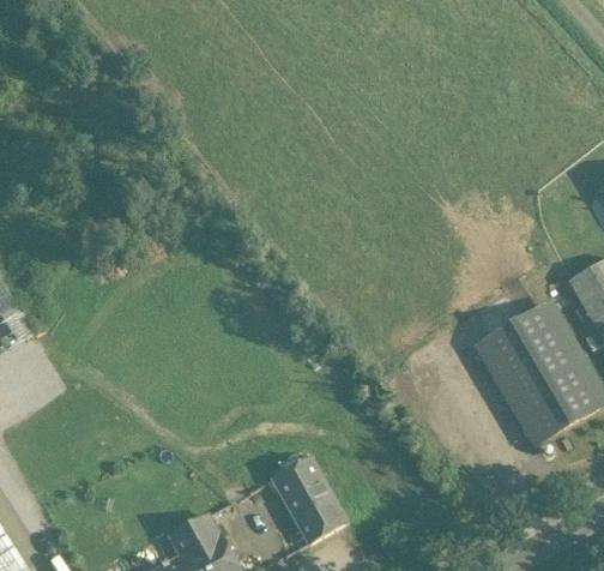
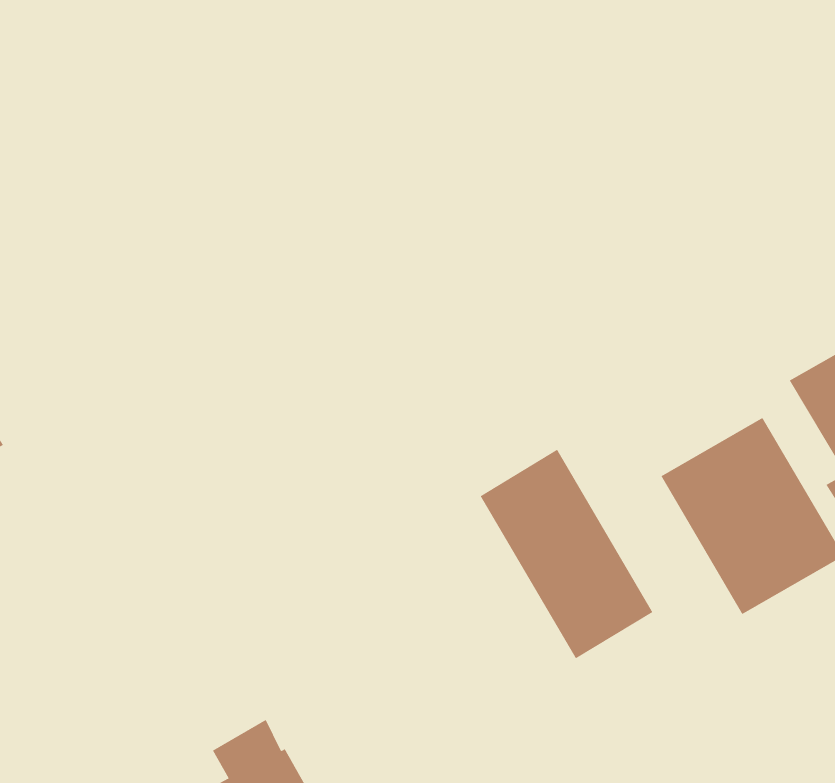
building: none -> [480,449,653,659]
building: [270,456,346,543] -> none

